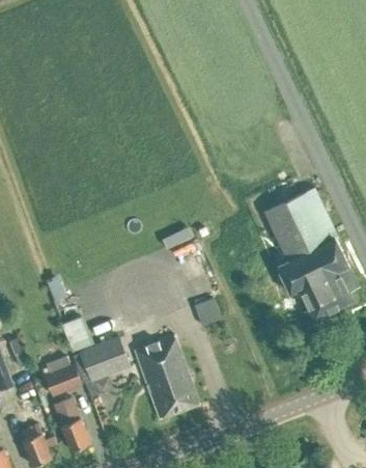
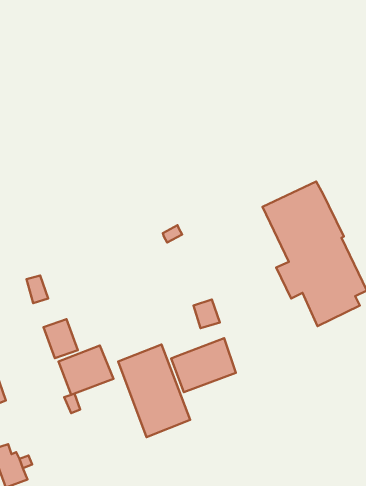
building: none -> [171,338,236,392]
building: [45,355,80,395] -> none
building: [53,397,89,451] -> none

